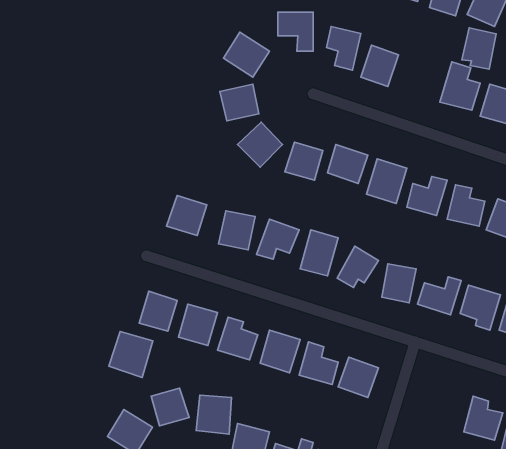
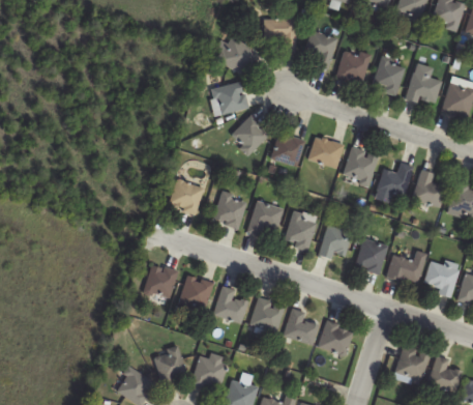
building: [462,28,496,69] -> [375,58,405,94]
building: [109,331,153,377] -> none
building: none -> [393,346,428,385]

